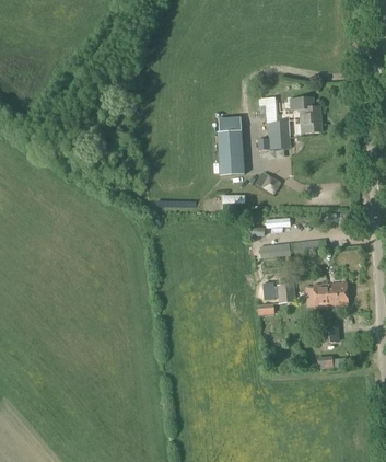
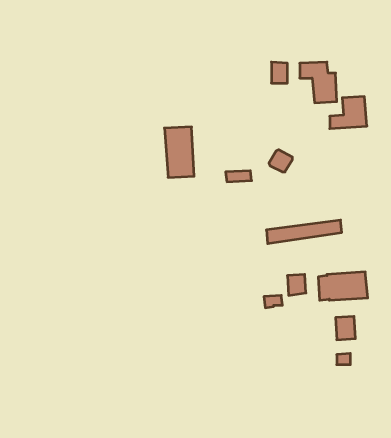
building: [257,122,290,150] -> [330,97,367,129]
building: [218,130,244,175] -> [164,127,194,177]

